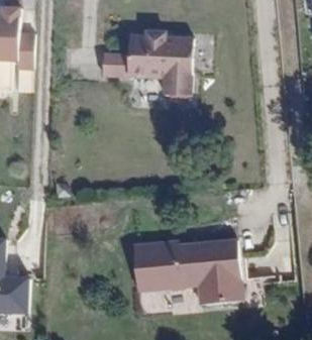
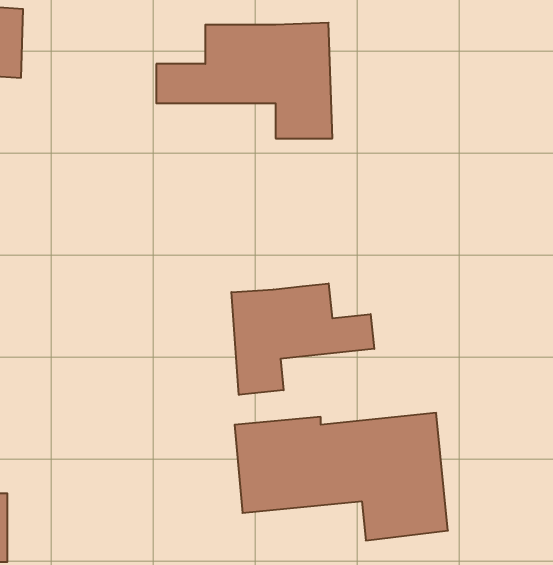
building: none -> [231,283,374,395]

